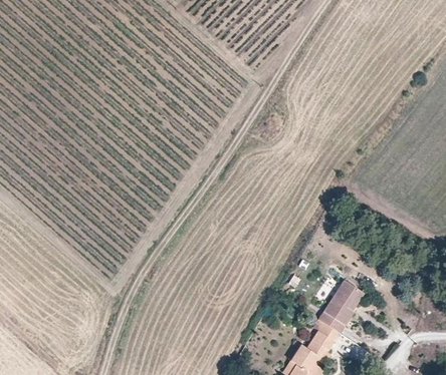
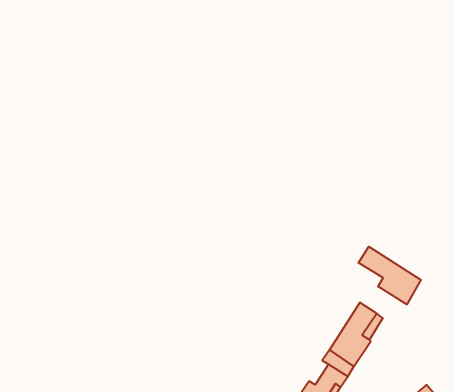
building: none -> [358,247,421,304]

